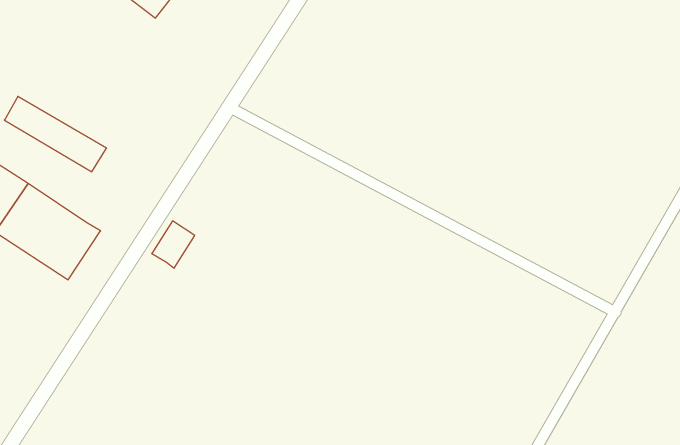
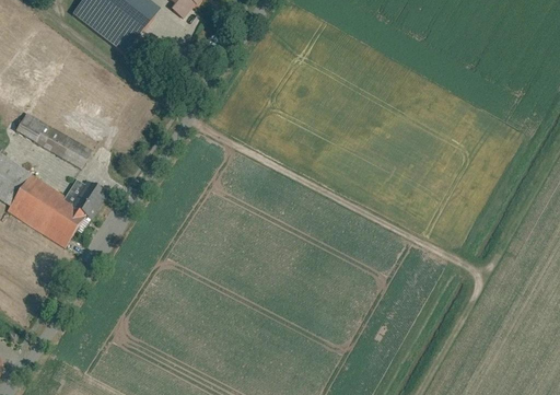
building: [152,221,195,268] -> [75,179,107,214]

